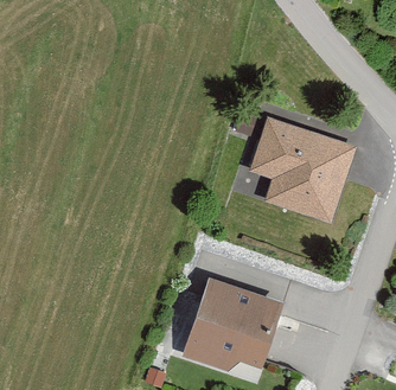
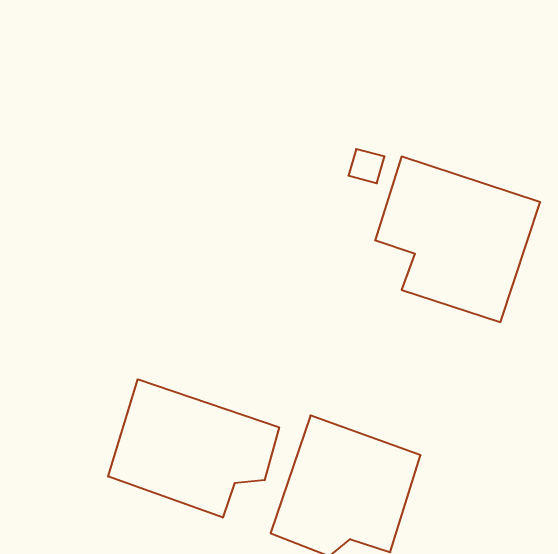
building: none -> [108,379,279,518]

